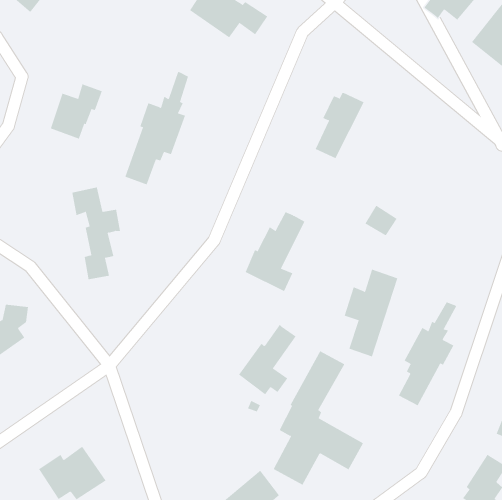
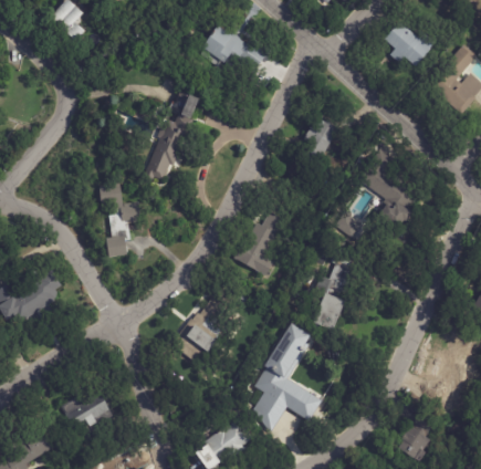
building: [50,84,102,139] -> none
building: none -> [357,148,419,232]
building: [398,301,457,406] -> none
building: [238,324,297,395] -> [177,298,226,354]

